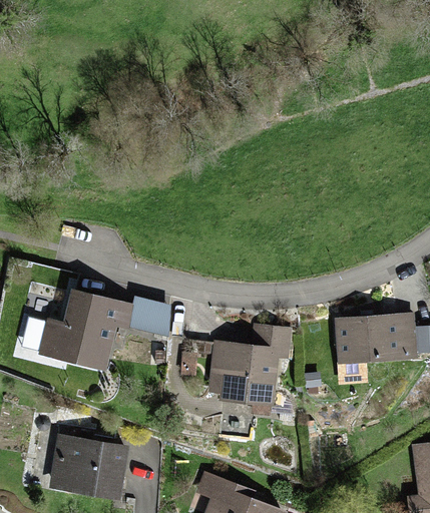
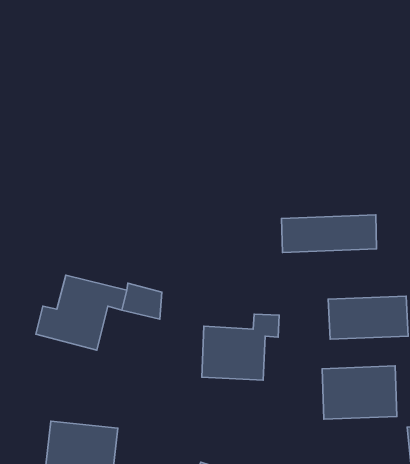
building: none -> [282,215,377,252]
building: none -> [322,366,397,419]

